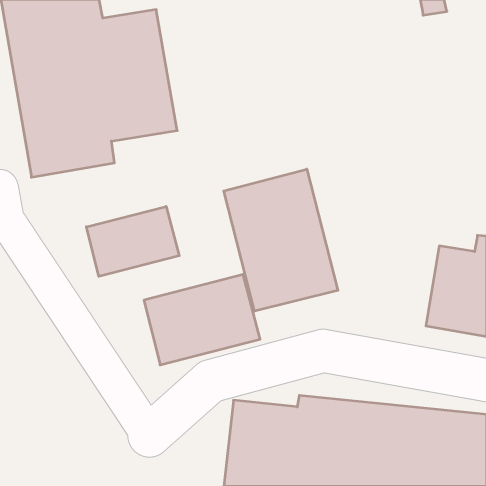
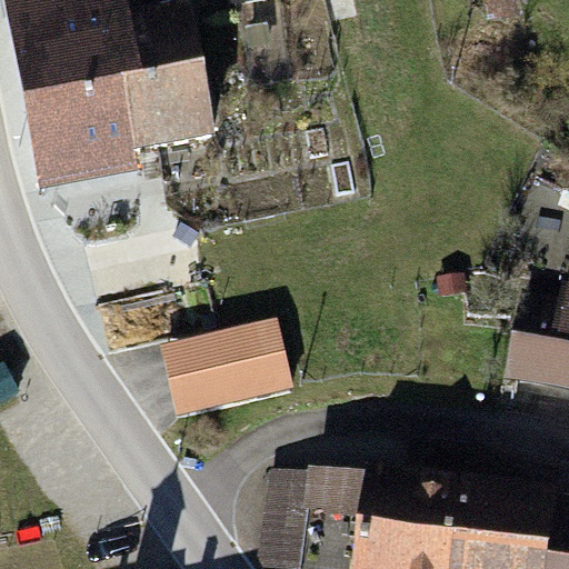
building: [224,169,338,311] -> none
building: [86,206,179,276] -> none

